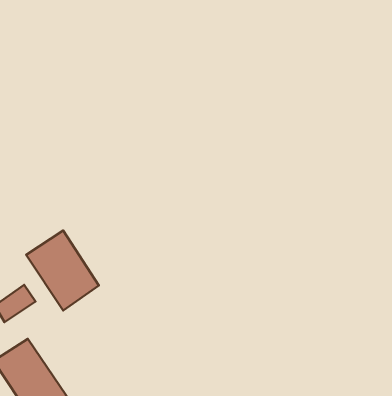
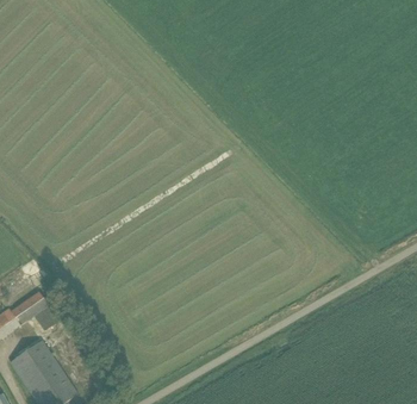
building: [26,230,99,310] -> none

